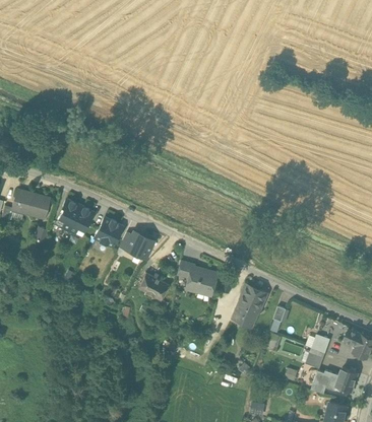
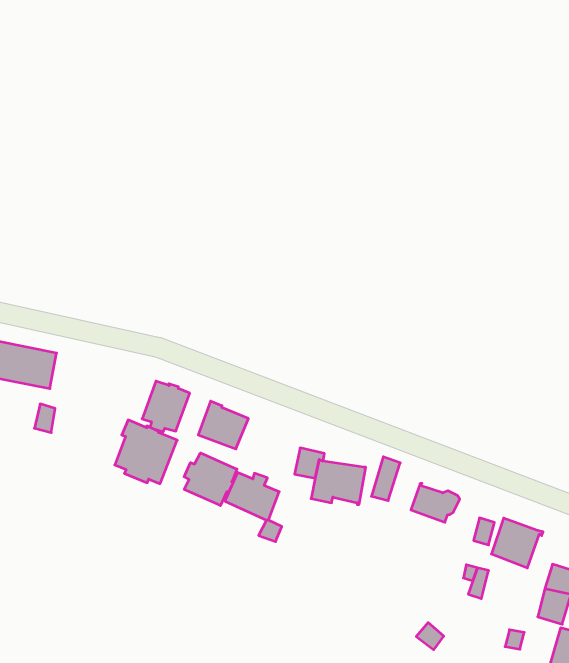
building: [57,199,92,235] -> [115,420,177,484]
building: none -> [184,453,237,506]
building: [232,299,261,328] -> [491,518,543,568]

